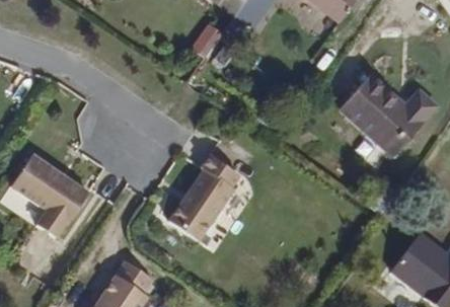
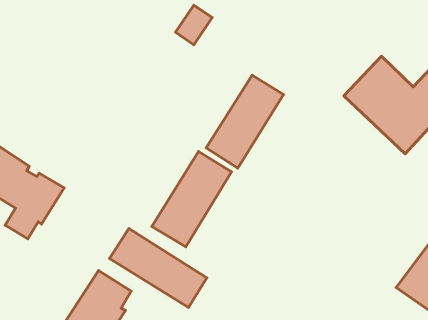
building: none -> [206,75,284,168]
building: none -> [110,229,207,307]

